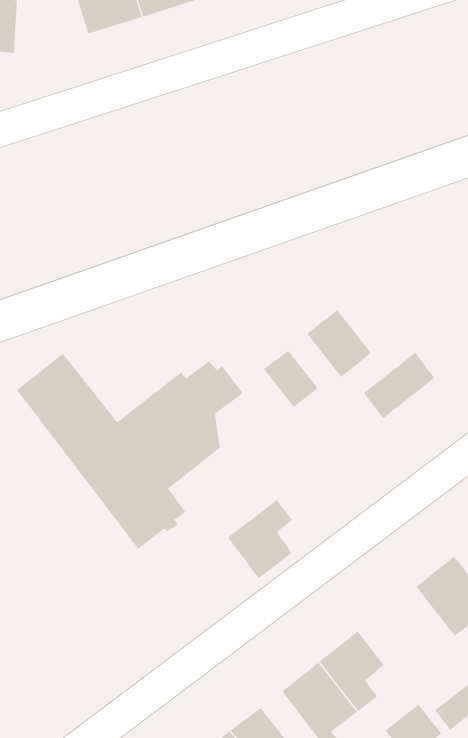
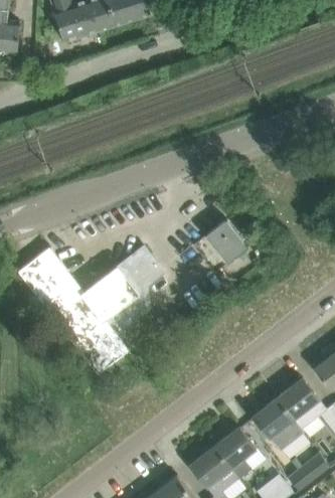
building: [263,350,319,408] -> none
building: [363,352,435,419] -> none
building: [227,499,293,579] -> none
building: none -> [252,398,303,451]

